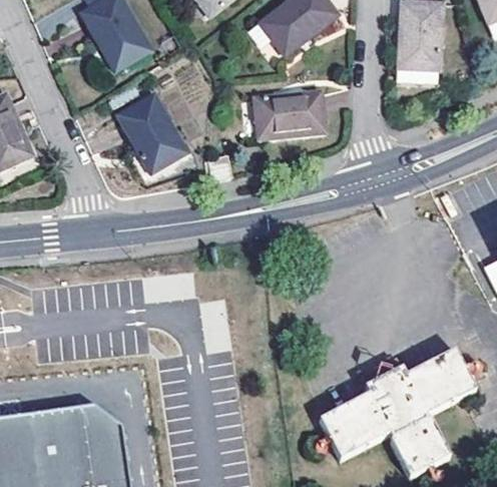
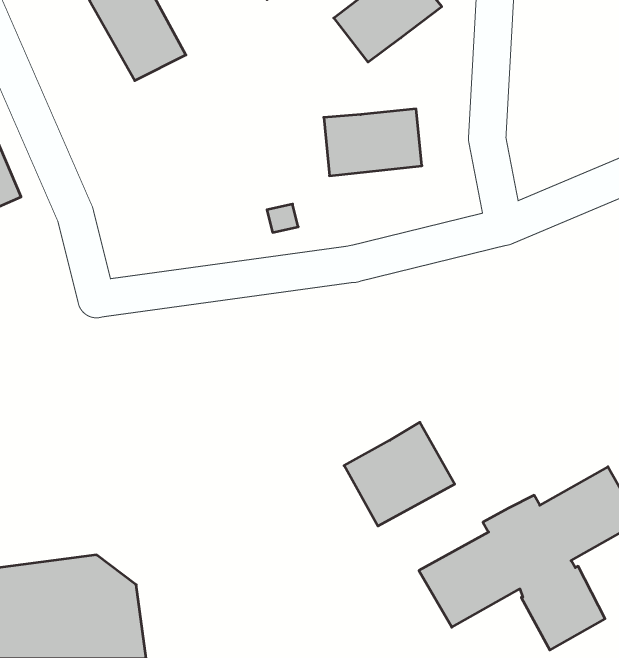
building: [401,20,446,89] -> none
building: [120,94,187,170] -> none
building: none -> [344,422,455,526]

